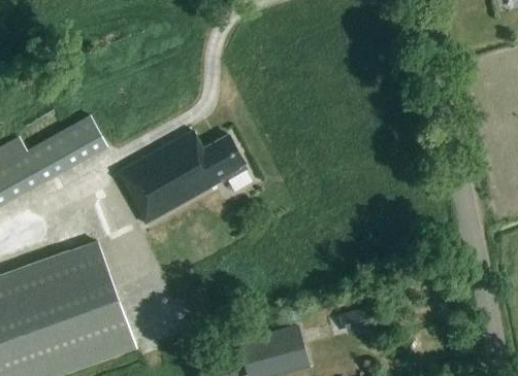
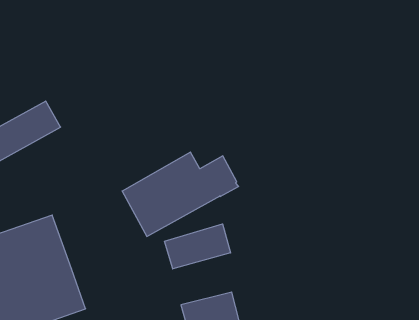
building: [116,133,246,227] -> [122,152,239,236]
building: none -> [164,224,231,269]

